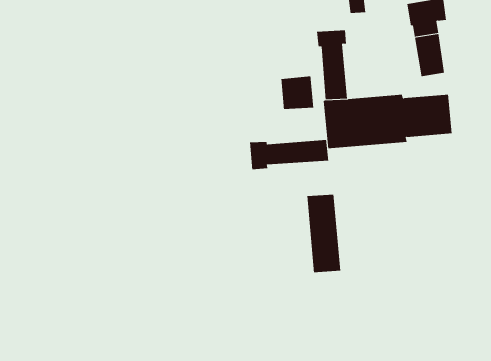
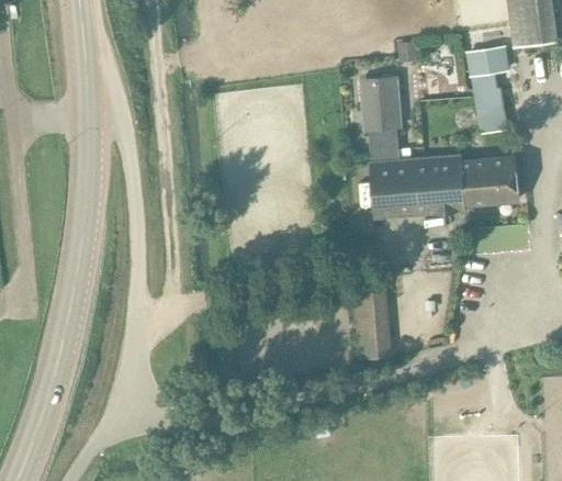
building: [281,76,314,110] -> none
building: [249,139,329,170] -> none

